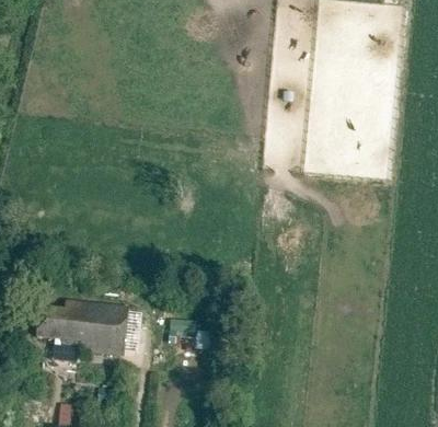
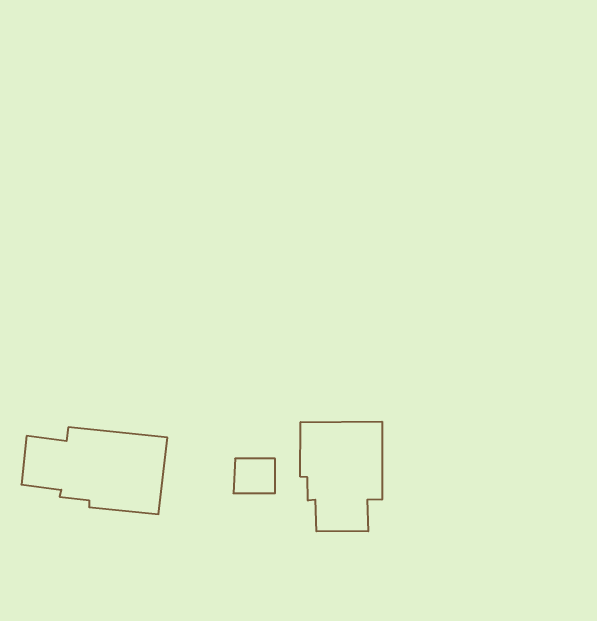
building: none -> [300,422,382,531]

